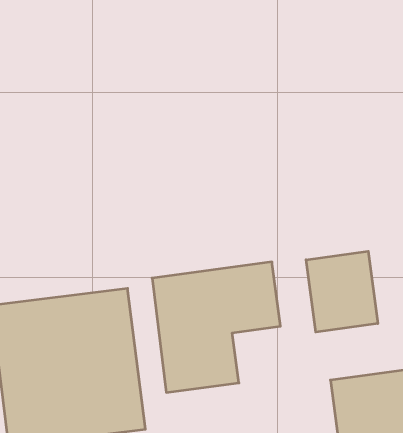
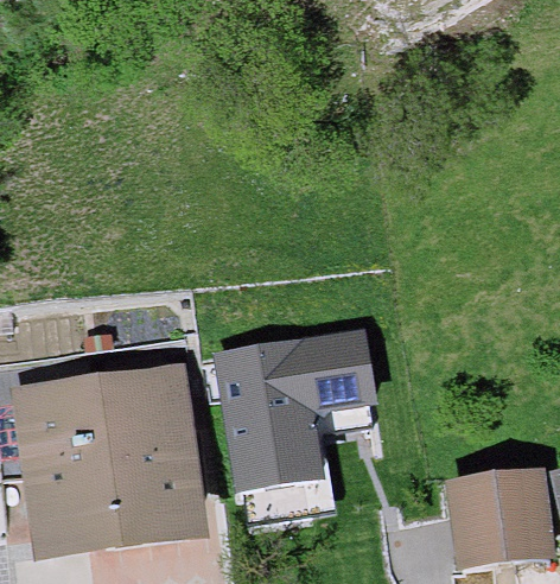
building: [306,251,378,332] -> none

